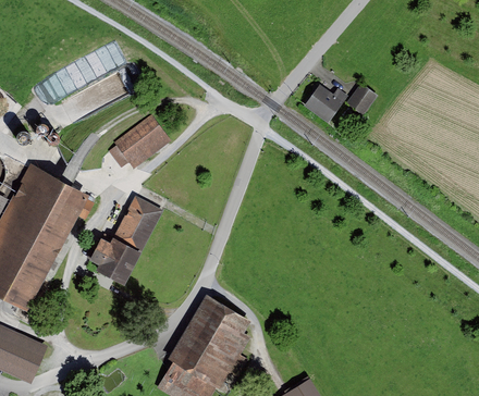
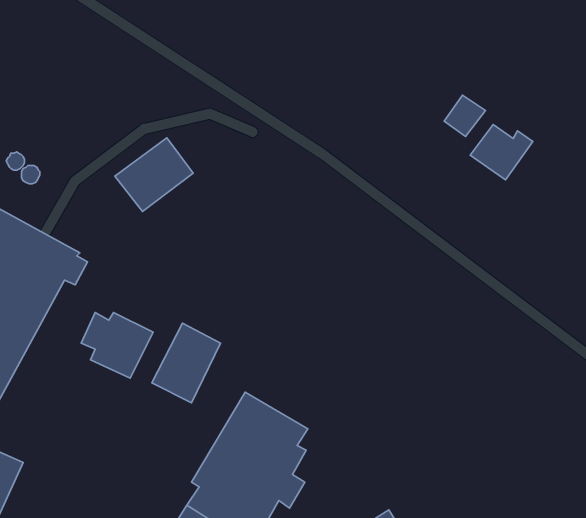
building: [303,85,347,124] -> [470,125,533,180]
building: [112,197,161,253] -> [152,323,221,403]

